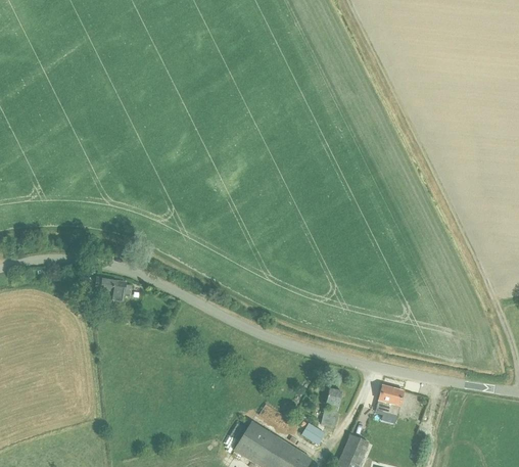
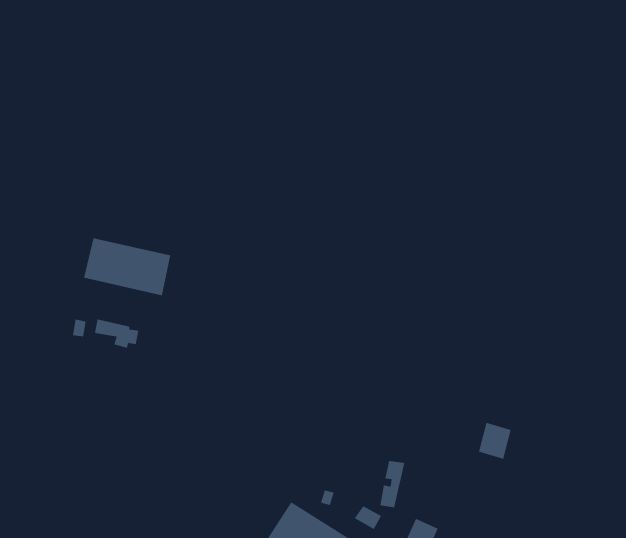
building: none -> [83,237,171,296]
building: [376,385,403,415] -> [478,422,512,460]

